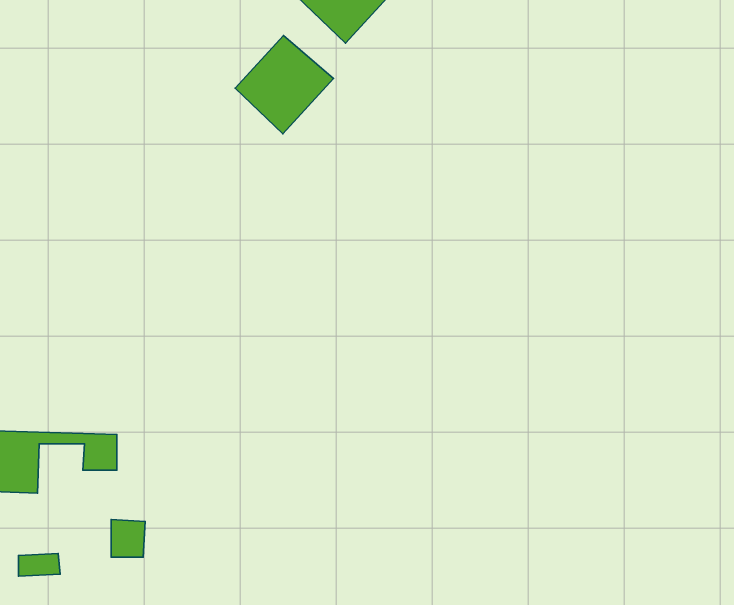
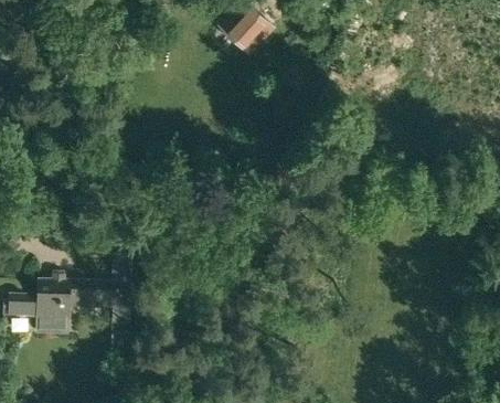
building: [235,35,334,134] -> none

